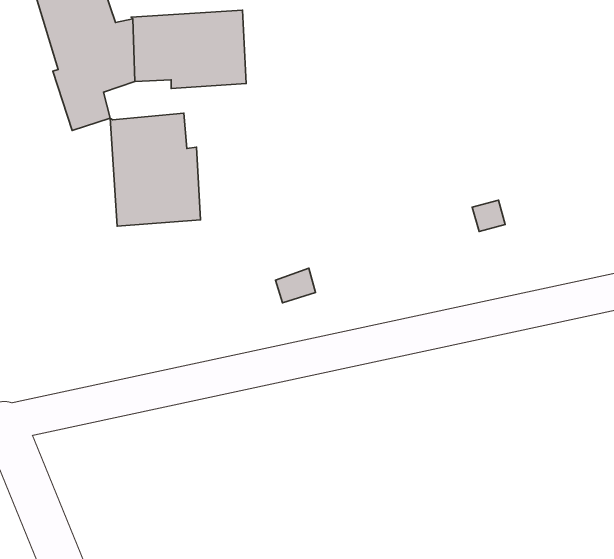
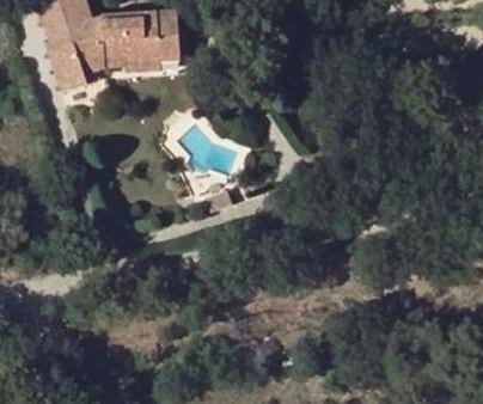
building: [110,113,200,226] -> none

